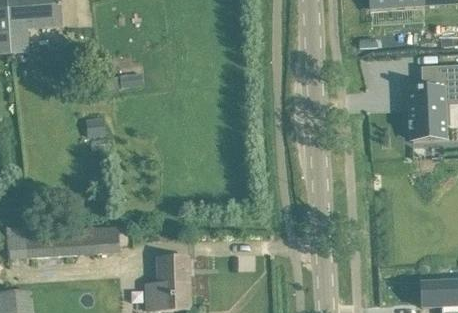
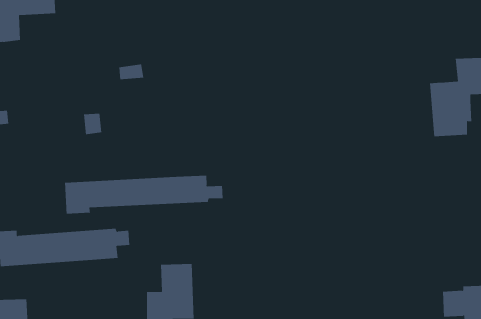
building: none -> [64,175,223,215]

